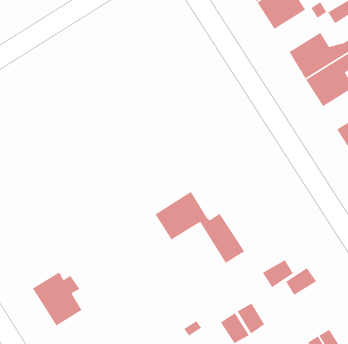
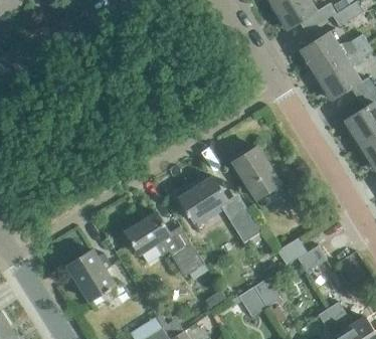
building: none -> [233,146,280,199]
building: none -> [125,211,202,275]

